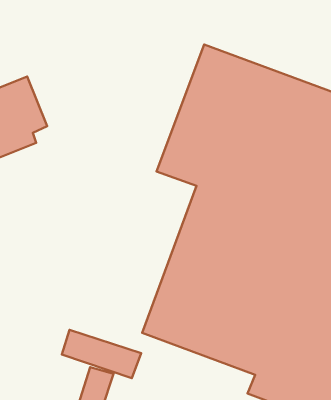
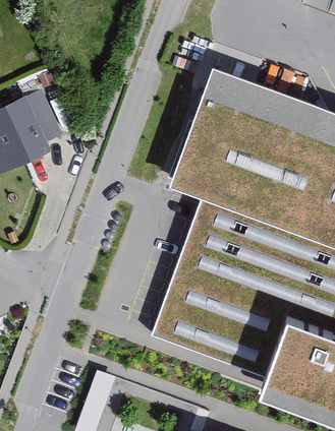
building: [62,330,141,378] -> none

